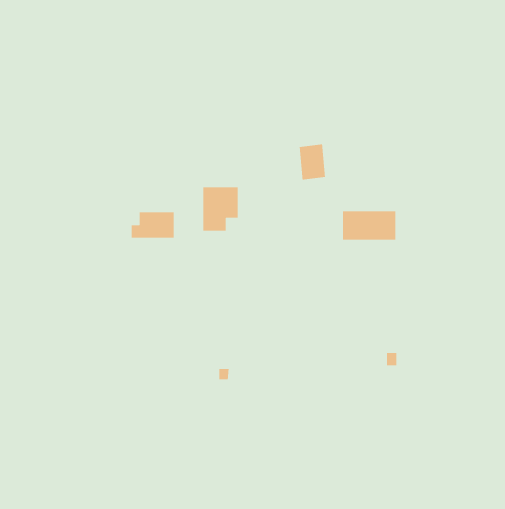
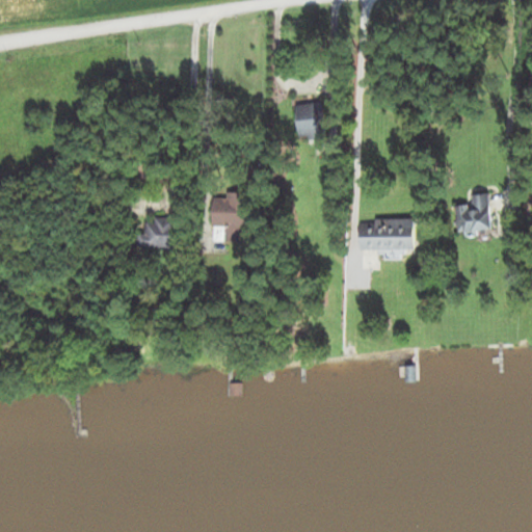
building: [299,143,326,180] -> [294,102,322,140]
building: none -> [452,193,489,233]

